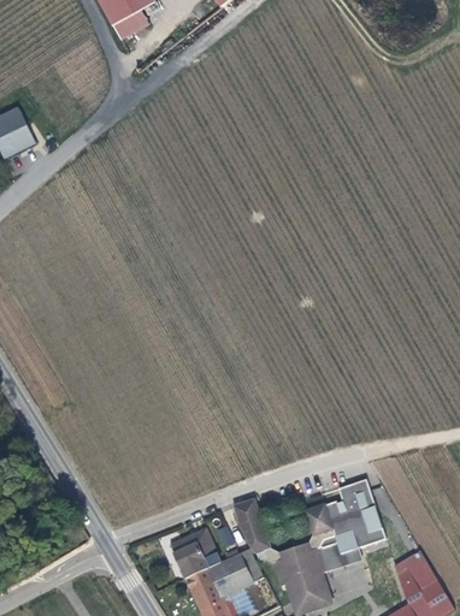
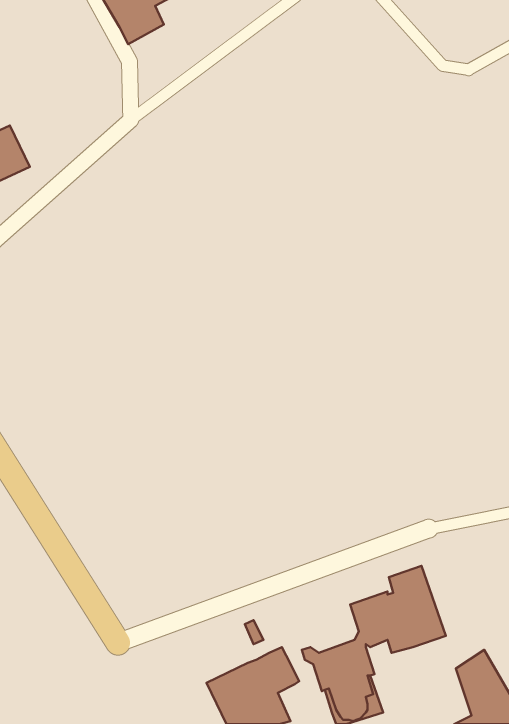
building: [235,499,270,553] -> none
building: [169,527,219,578] -> none
building: [319,541,362,570] -> none

